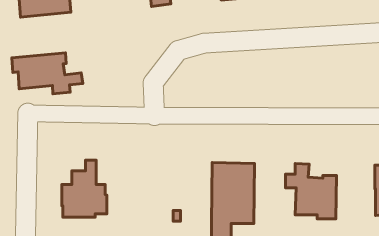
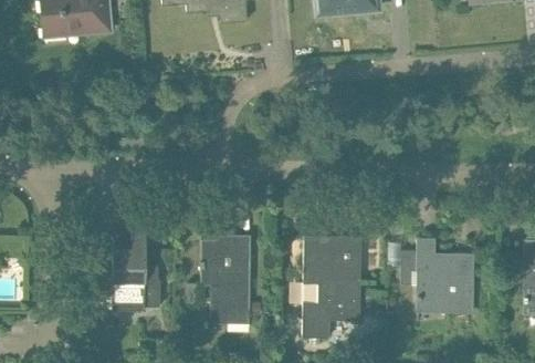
building: [12,53,83,94] -> none
building: none -> [200,236,251,323]

